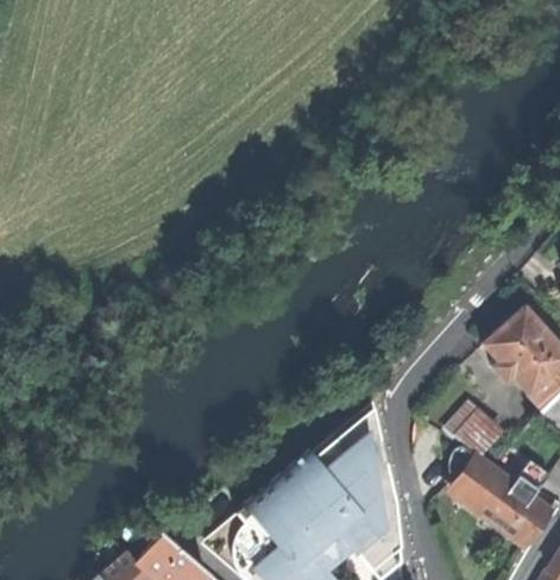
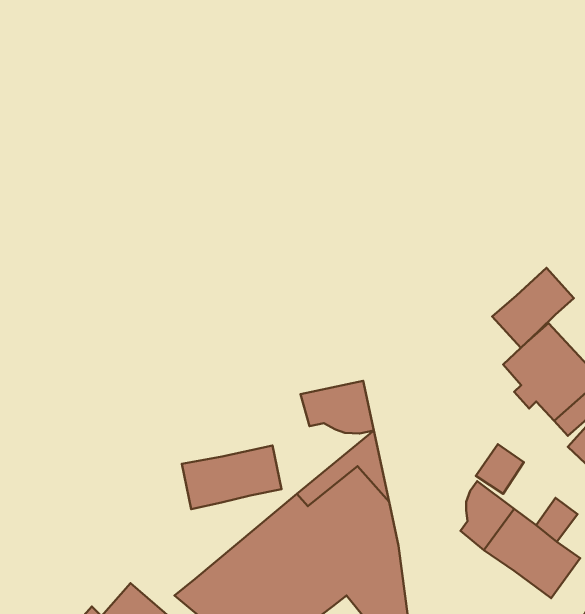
building: none -> [492,268,574,348]
building: none -> [300,381,374,433]
building: none -> [182,446,281,509]

